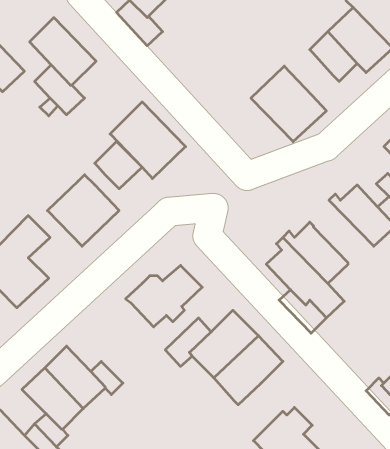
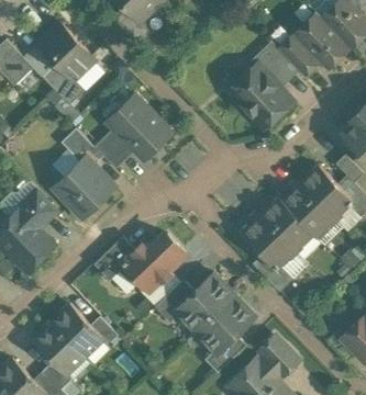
building: none -> [251,42,298,89]
building: none -> [60,128,102,166]
building: none -> [281,179,342,246]
building: none -> [93,237,134,281]
building: none -> [204,336,245,373]
building: none -> [259,337,298,375]

